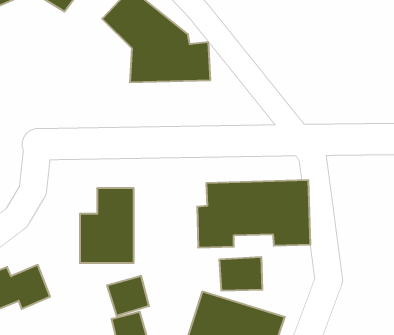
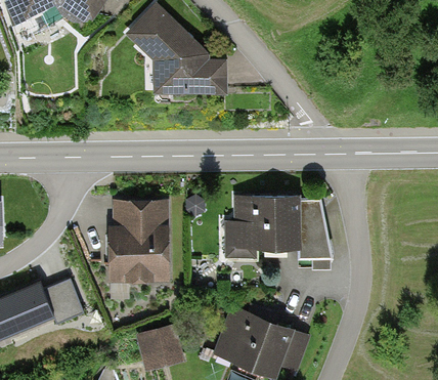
building: [220,257,262,291] -> none
building: [107,276,149,316] -> none

